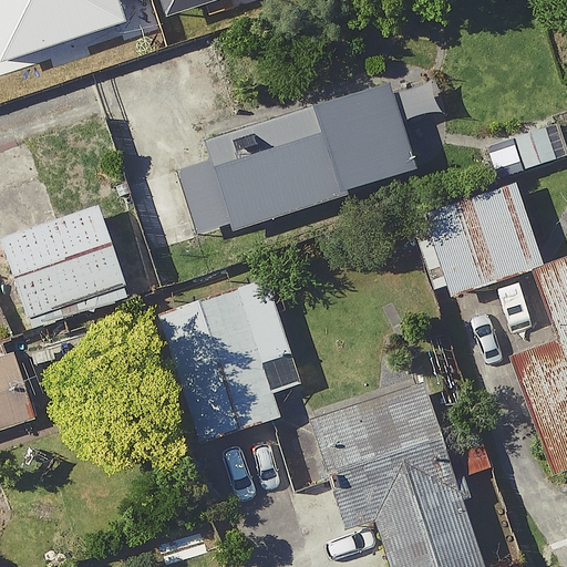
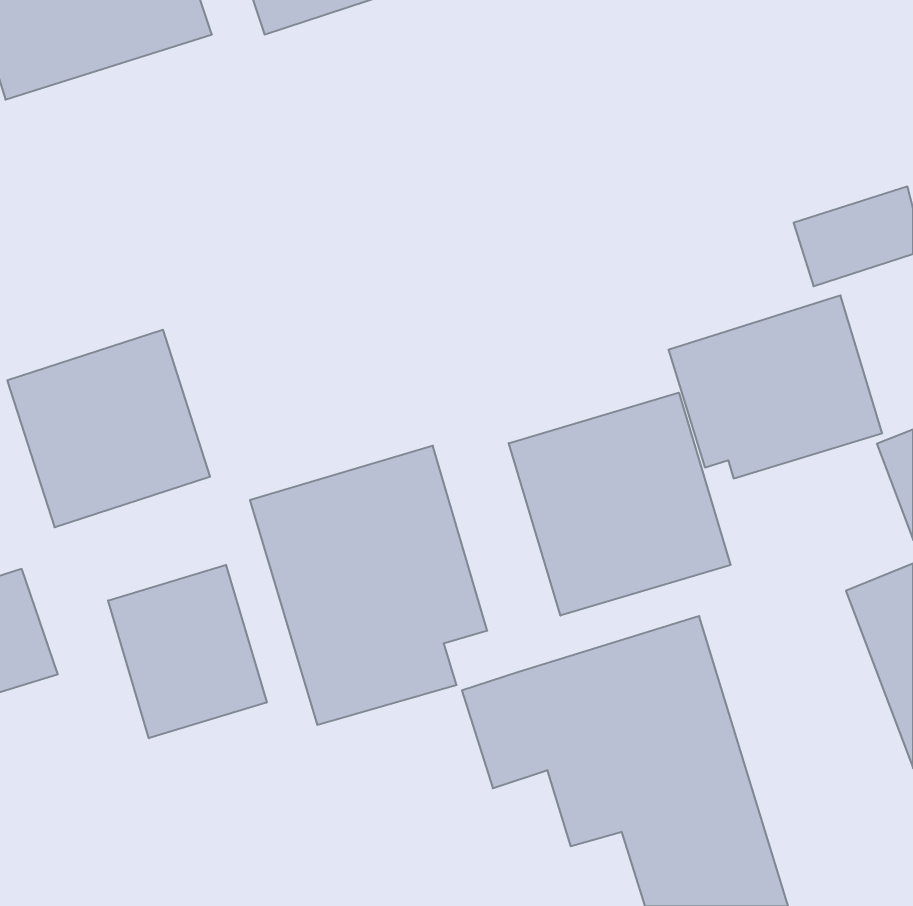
building: [181,83,415,235] -> none
building: none -> [509,393,731,616]
building: none -> [108,565,267,738]

